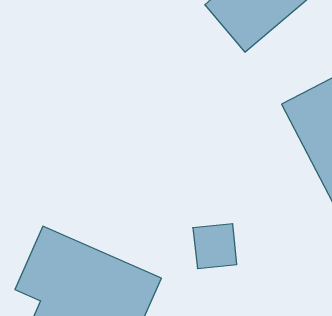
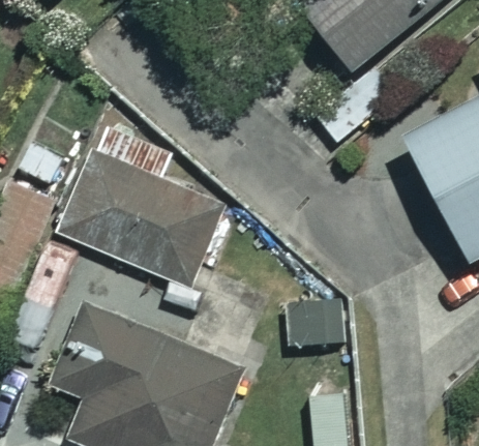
building: none -> [64,126,222,285]

